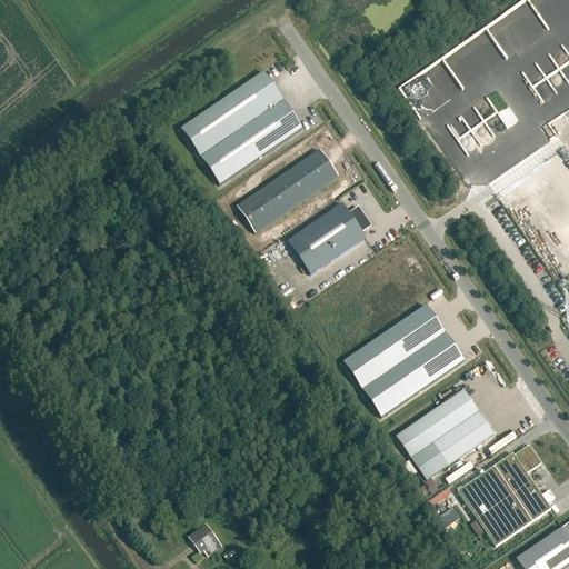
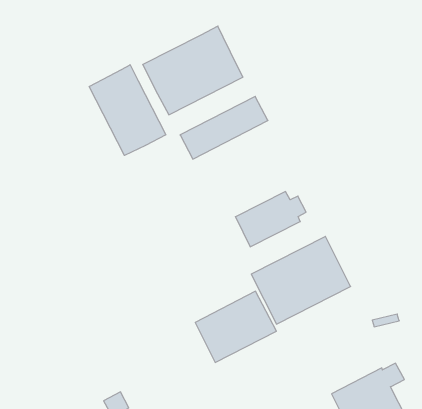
building: none -> [89,65,166,155]
building: [288,202,371,273] -> [235,192,306,247]
building: [397,389,495,480] -> [195,291,276,362]

